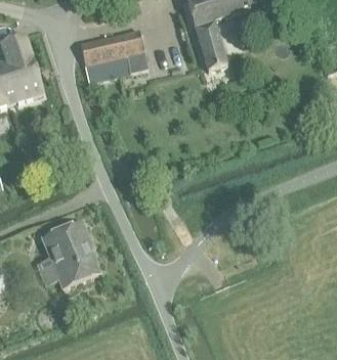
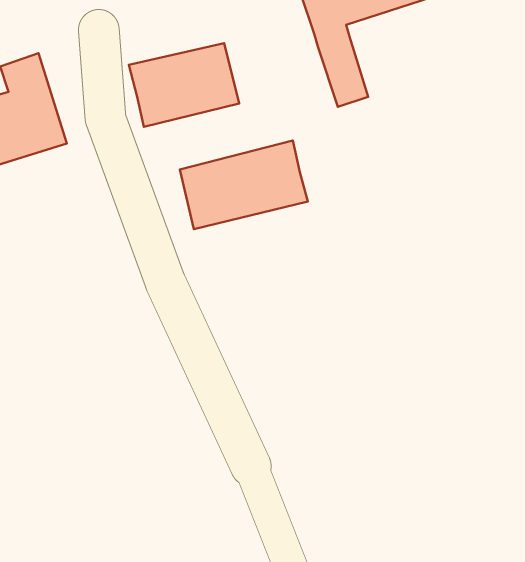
building: none -> [180,140,308,229]
building: [38,221,97,288] -> none

